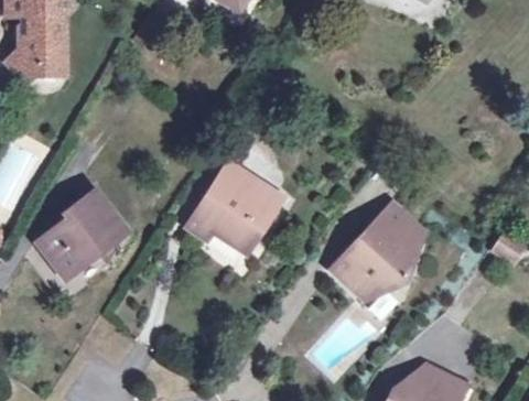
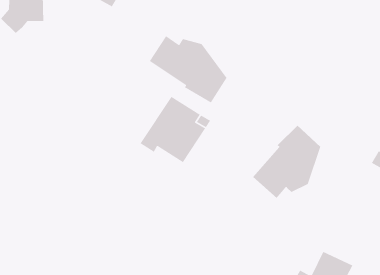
building: none -> [149,35,228,104]
building: [36,191,126,278] -> none

